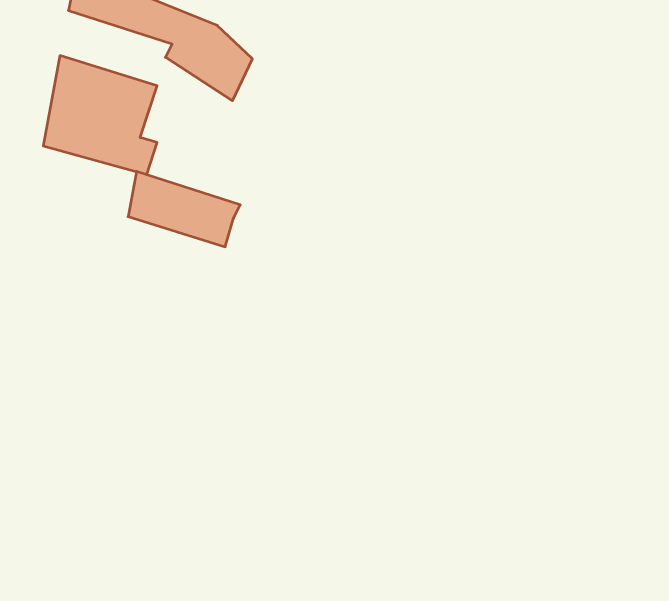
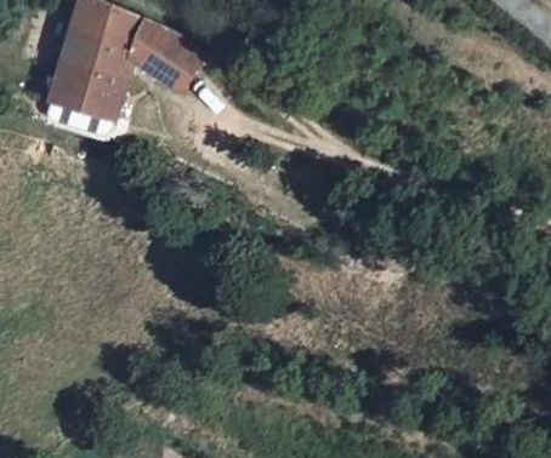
building: [128,171,240,247] -> [61,22,142,76]

